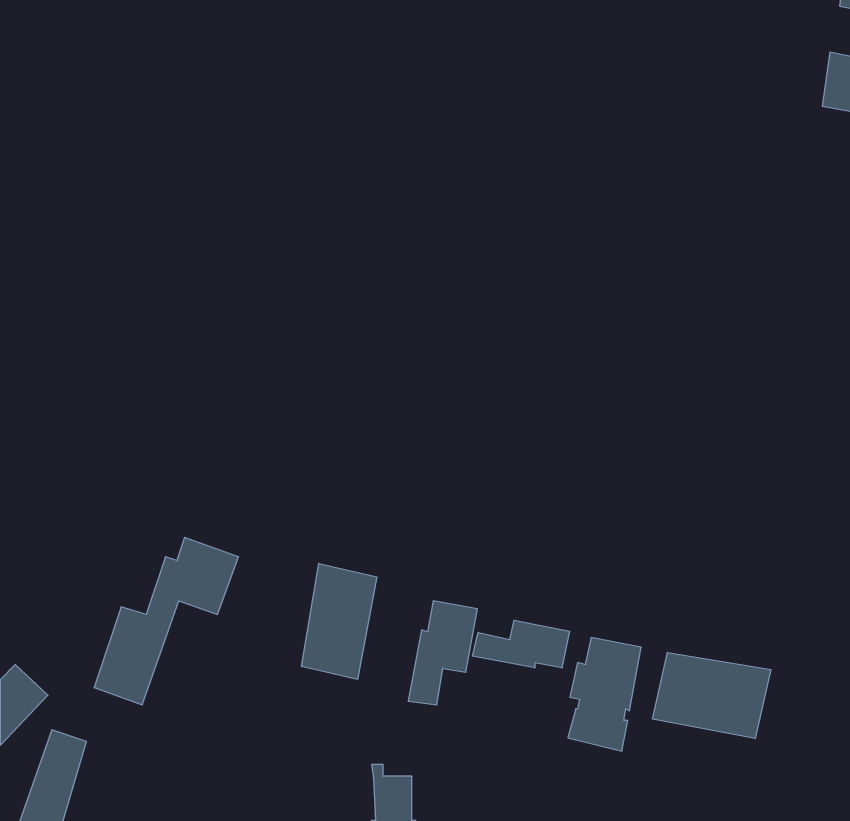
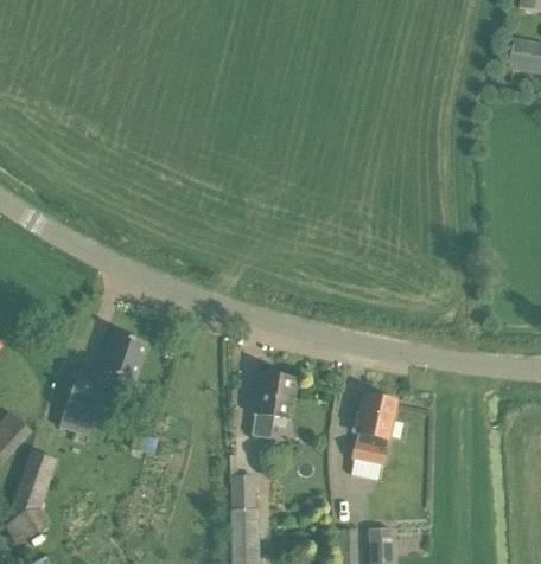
building: [302,563,377,679] -> none
building: [472,620,569,668] -> none
building: [653,652,771,739] -> none

